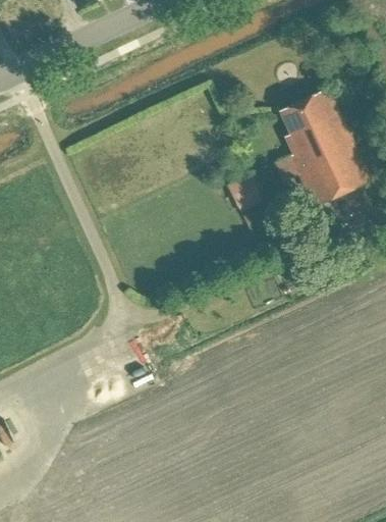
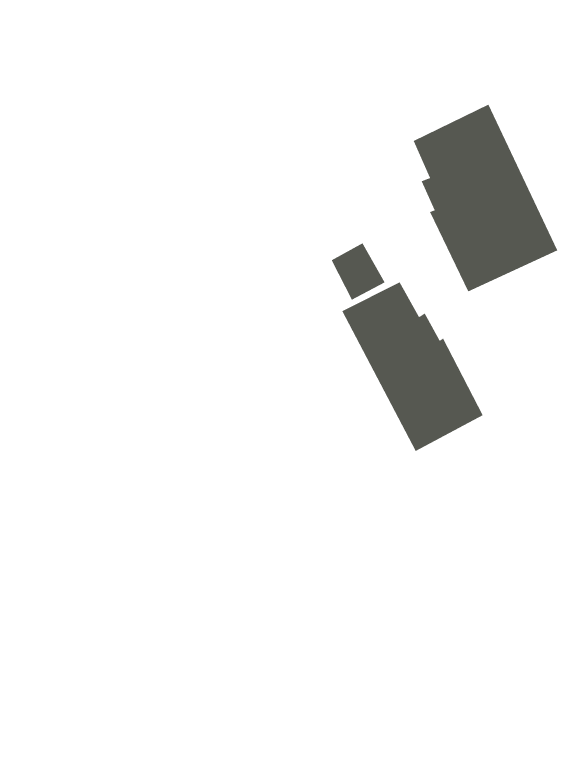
building: none -> [342,281,483,452]

